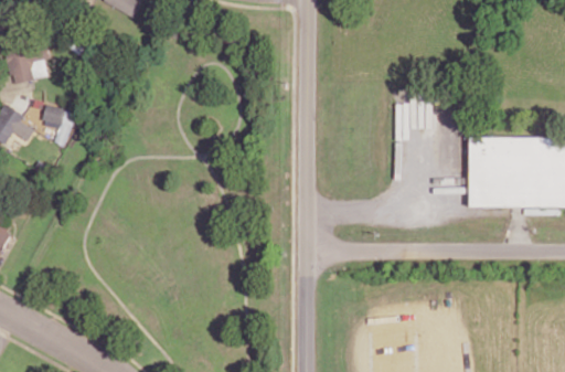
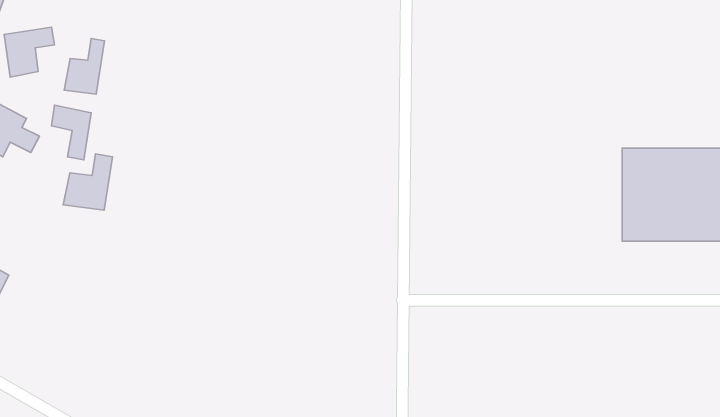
building: none -> [64,39,105,94]
building: none -> [63,154,112,210]

